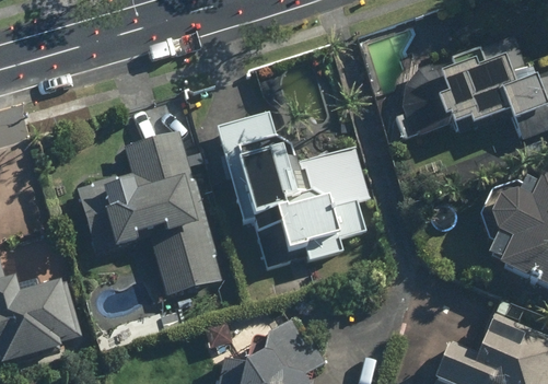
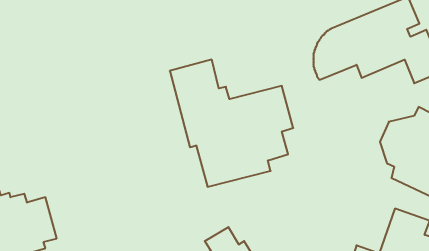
building: [79,130,222,296] -> none

